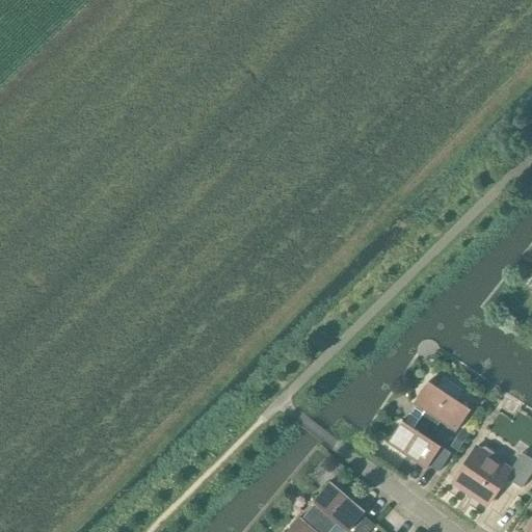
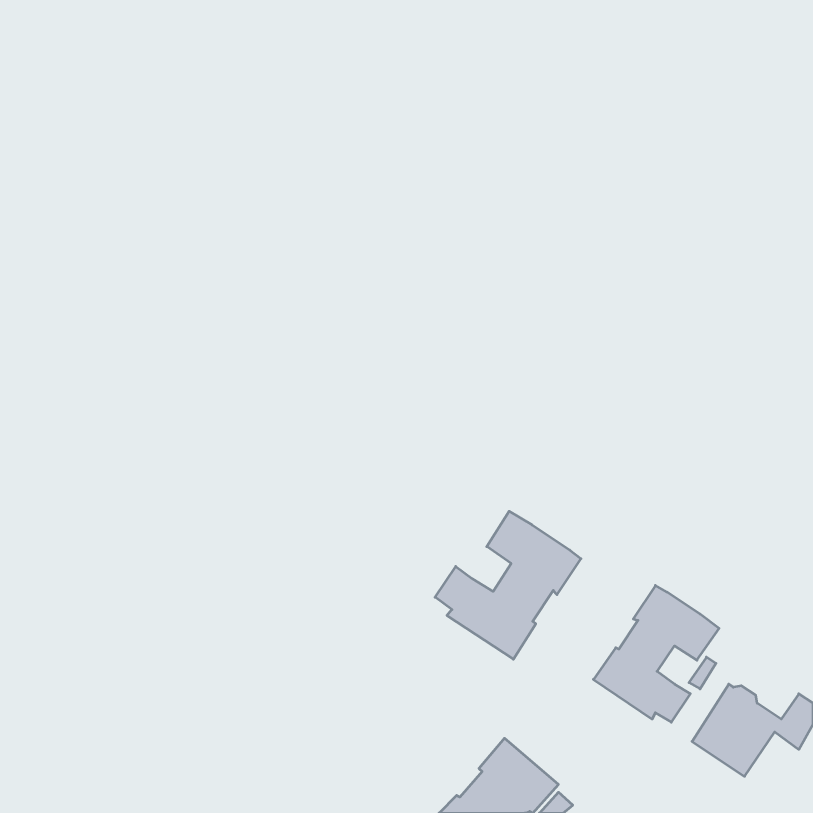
building: none -> [435,511,581,659]

